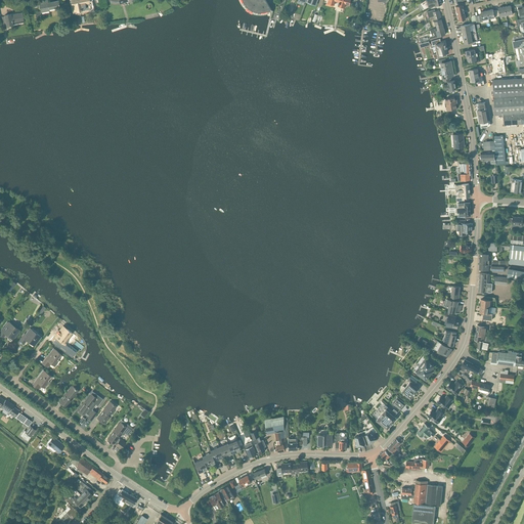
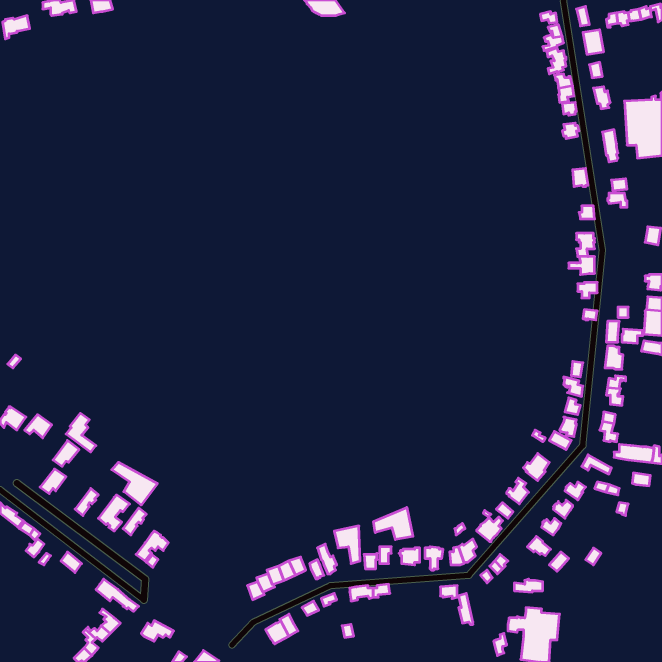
building: none -> [112,462,157,505]
building: none -> [374,507,413,540]

